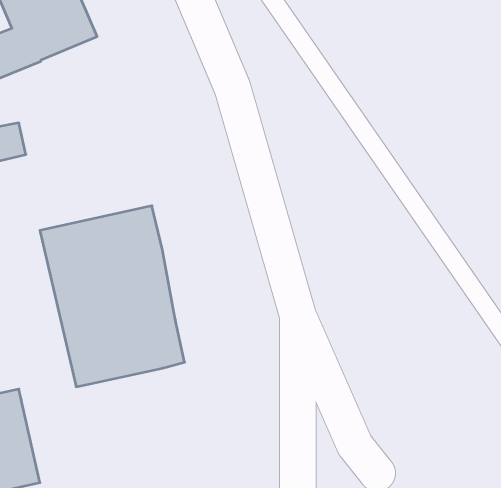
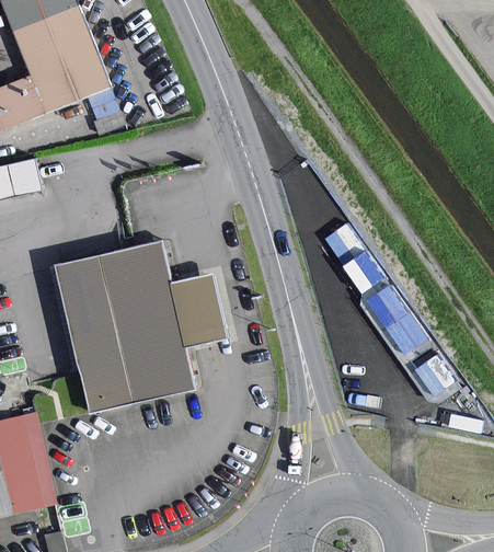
building: none -> [171,275,226,348]

